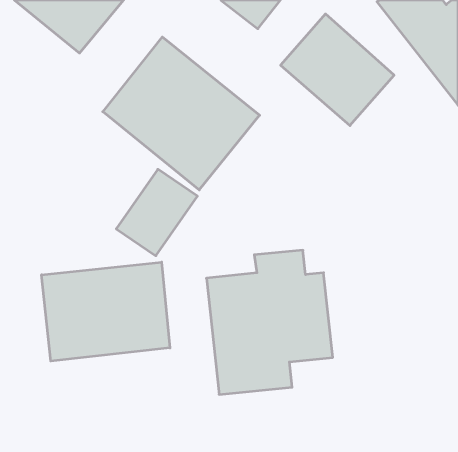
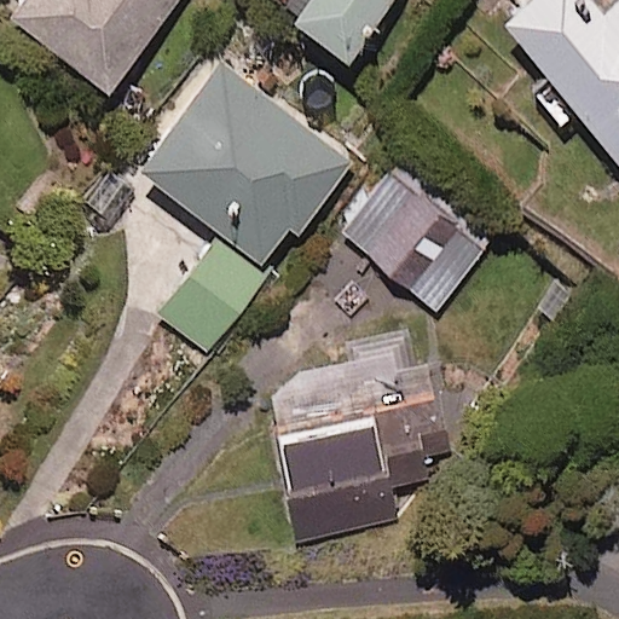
building: [281,14,394,126] -> [341,163,493,313]
building: [42,262,170,361] -> none

